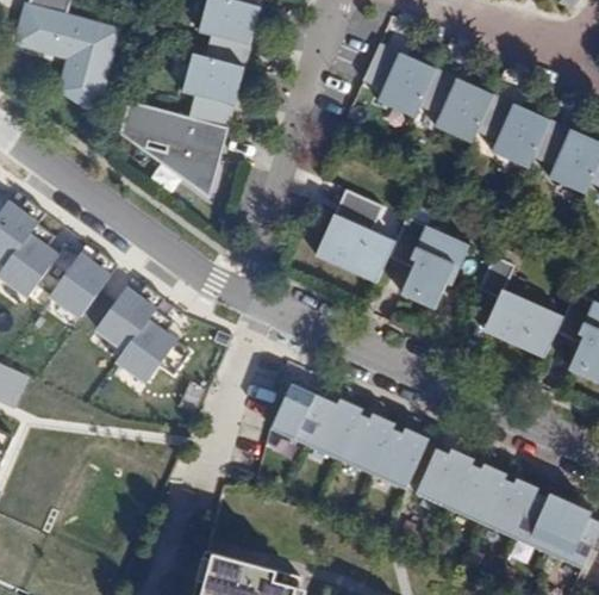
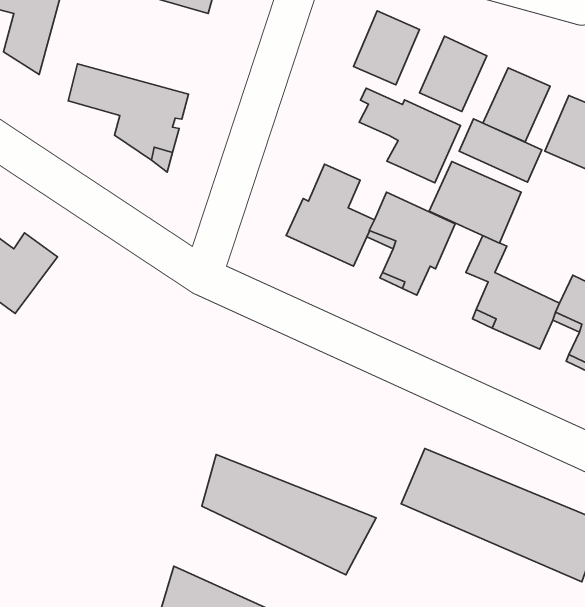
building: [179,60,238,113] -> none
building: none -> [359,88,460,183]
building: none -> [459,119,542,182]
building: none -> [429,162,521,243]
building: [88,284,181,395] -> none
building: [274,383,431,491] -> [202,455,376,575]

